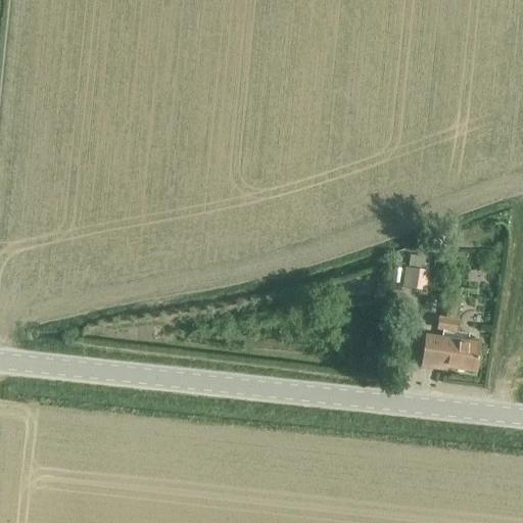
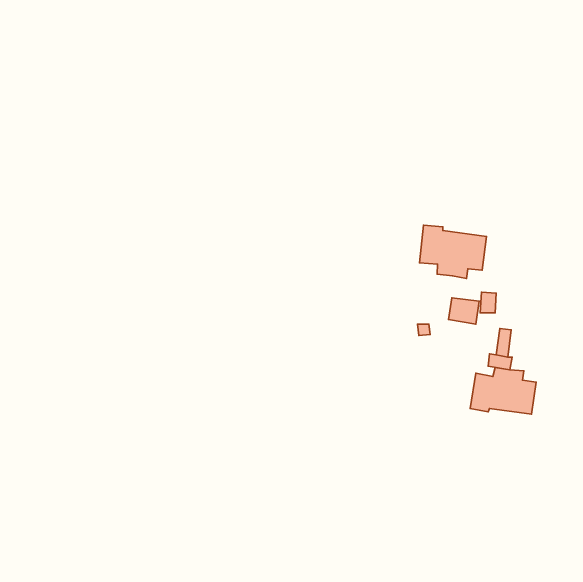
building: none -> [419,225,486,278]

